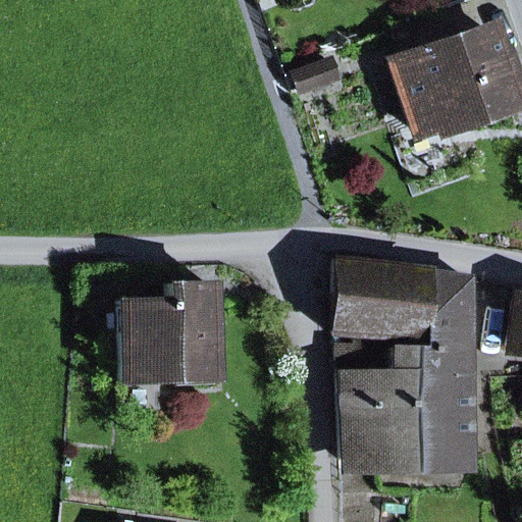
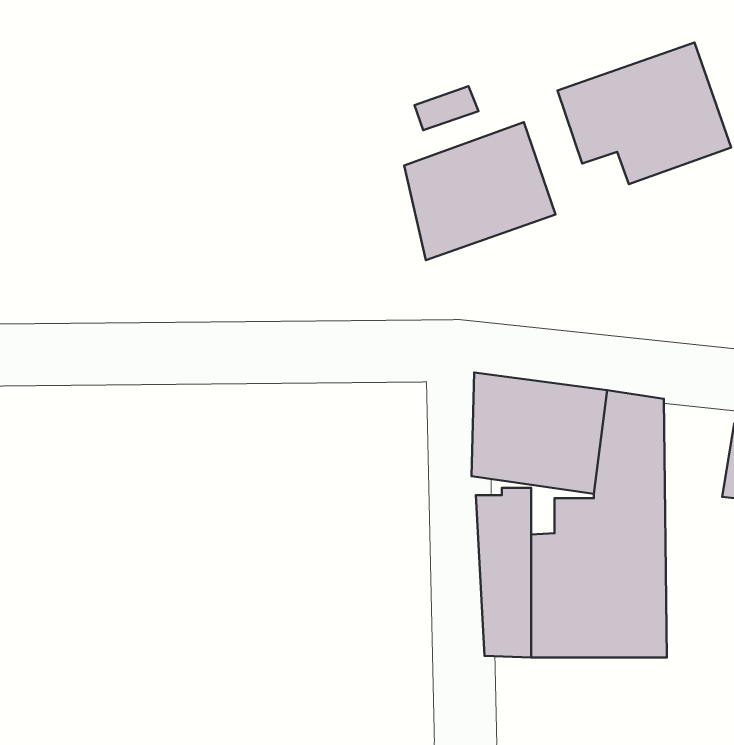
building: none -> [404,122,556,260]
building: [123,299,218,383] -> none

